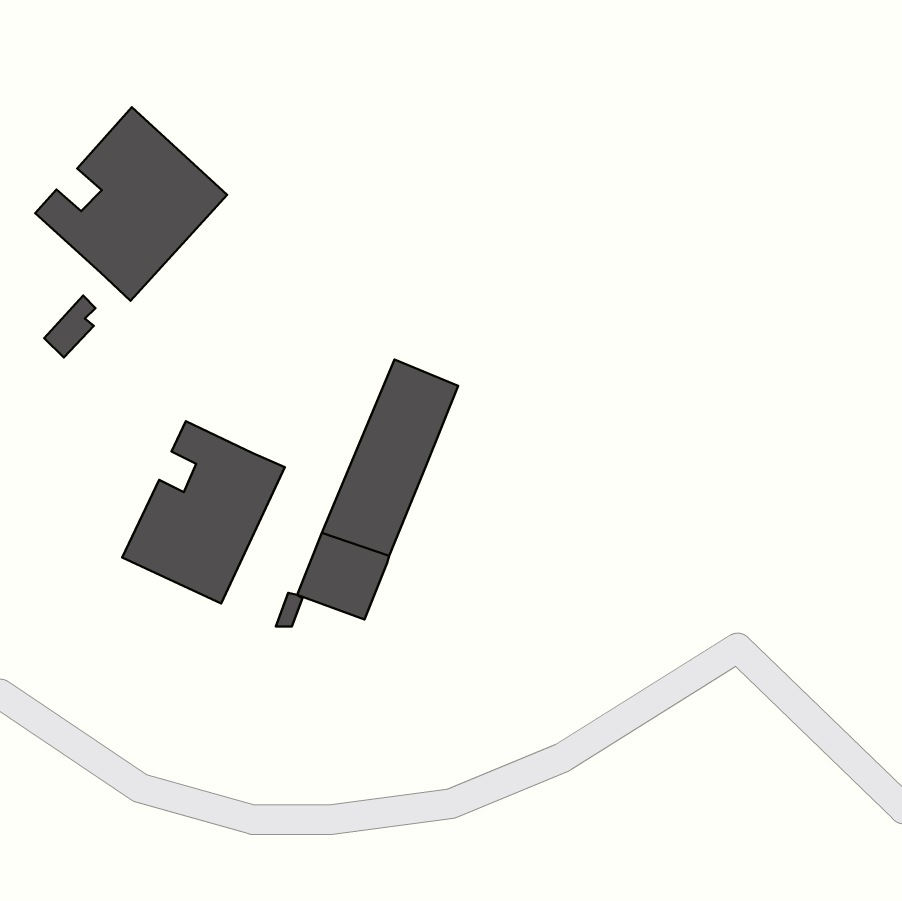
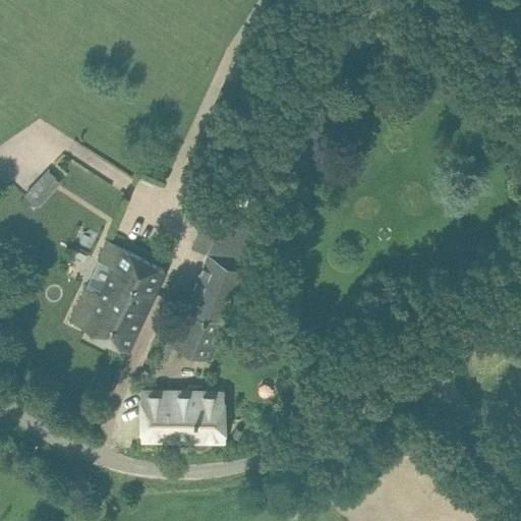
building: [35,107,227,301] -> none
building: none -> [141,371,226,441]

